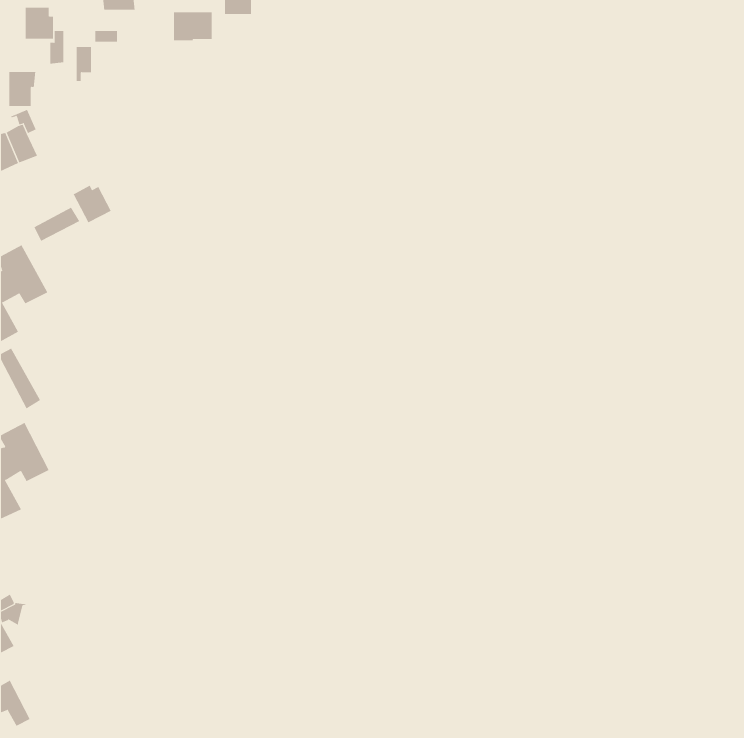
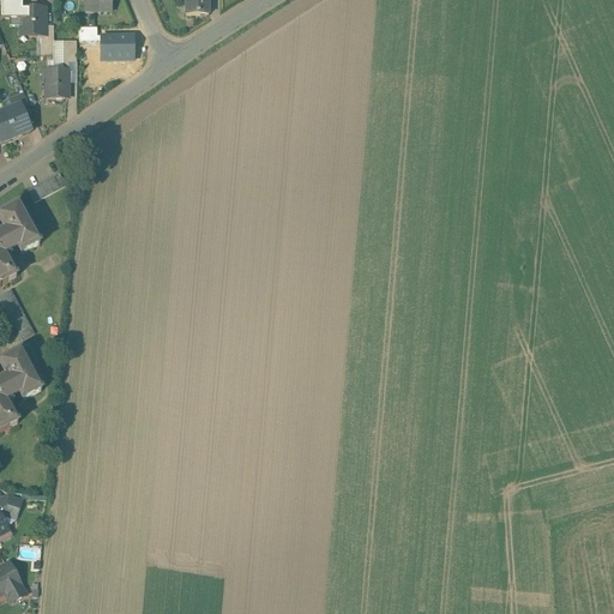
building: [173,12,212,41] -> [101,34,133,58]
building: [8,71,36,106] -> [46,67,68,96]
building: [73,185,112,223] -> none

